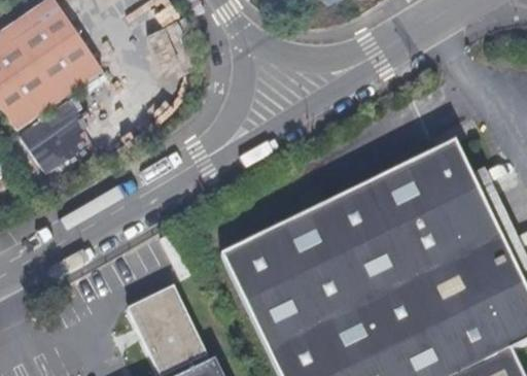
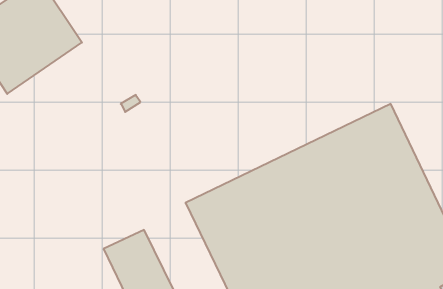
building: [19,96,89,174] -> none

